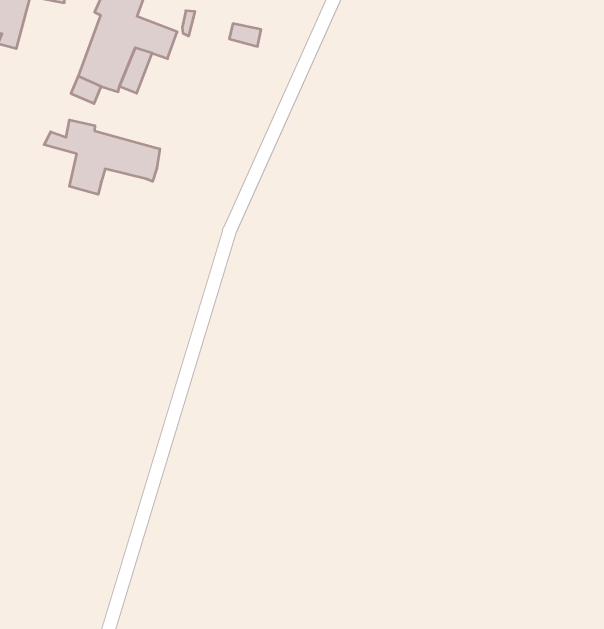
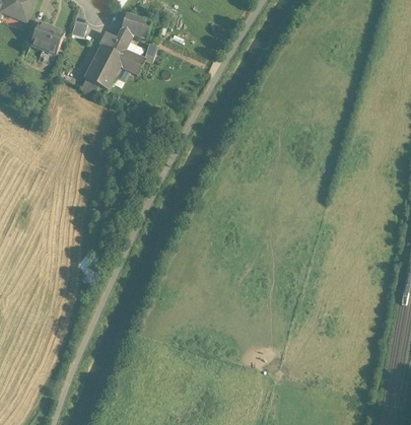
building: [44,120,160,194] -> none

